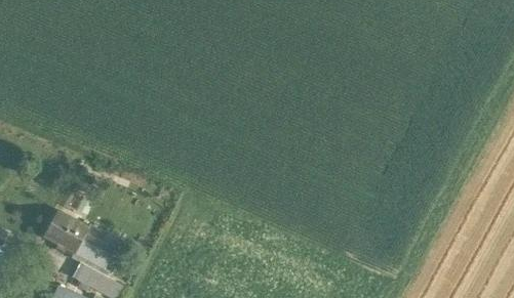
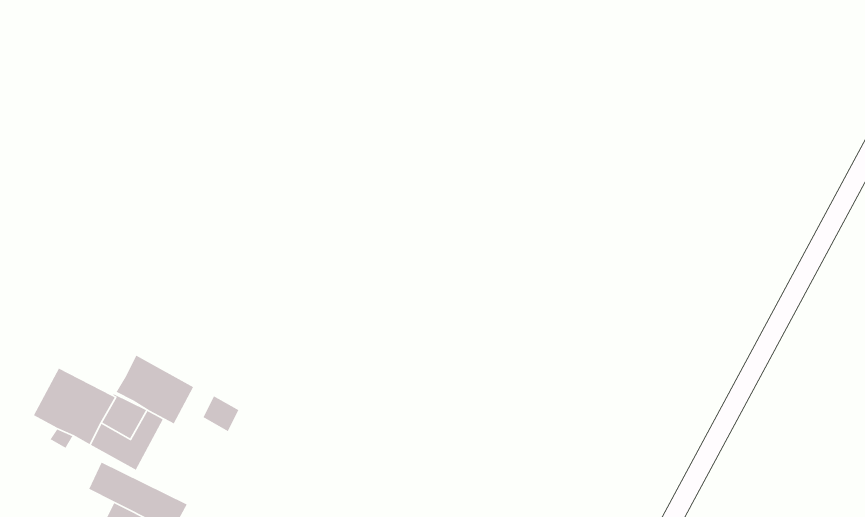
building: none -> [116,355,194,424]

